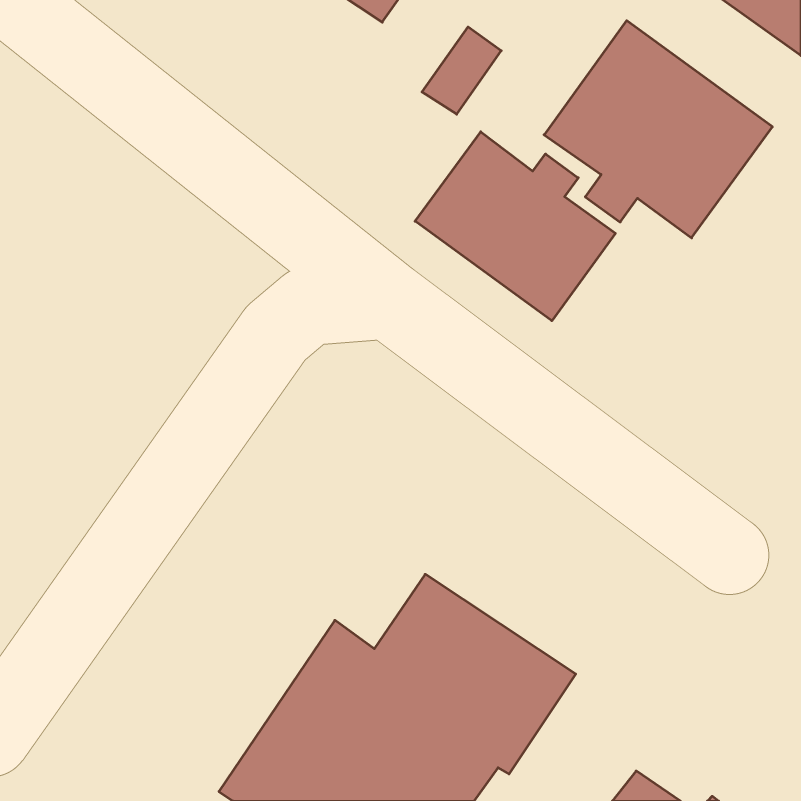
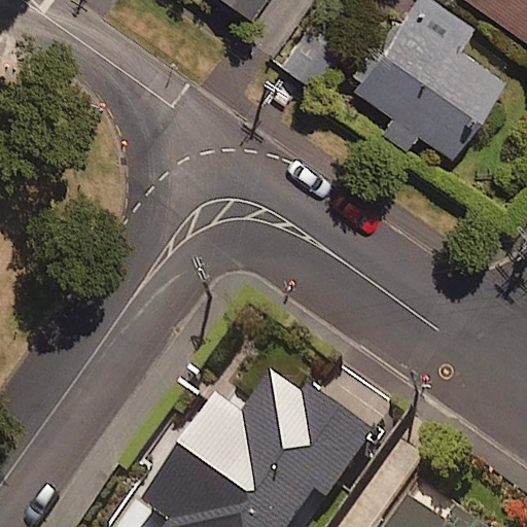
building: [415,132,615,321] -> none

